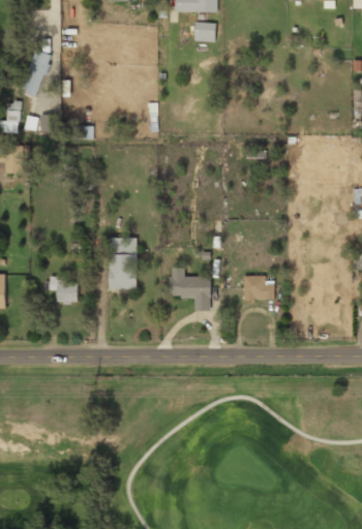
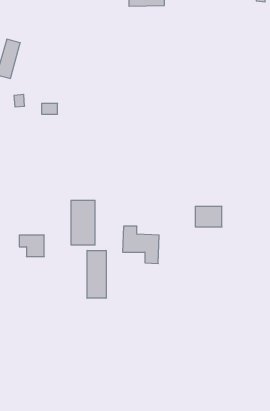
building: [194,21,216,40] -> none
building: [243,276,274,300] -> [195,206,222,227]
building: none -> [87,250,106,298]

